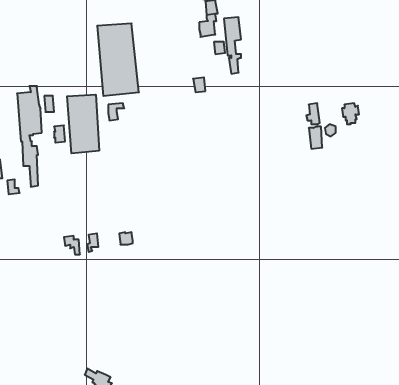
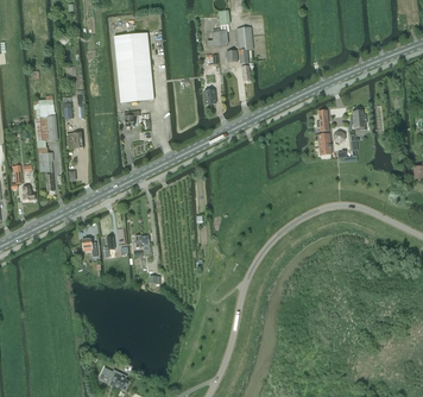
building: [67,95,99,153] -> none

